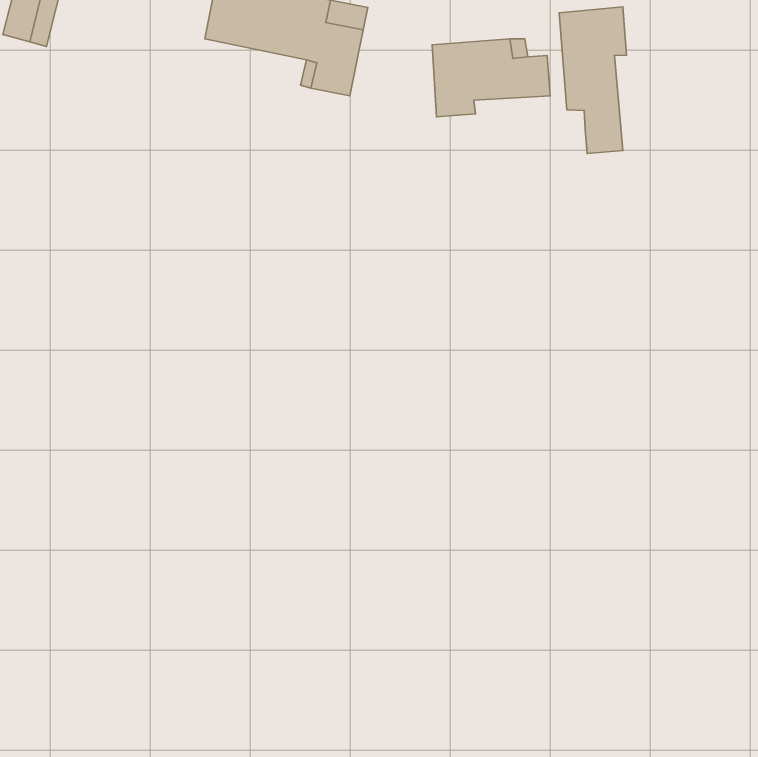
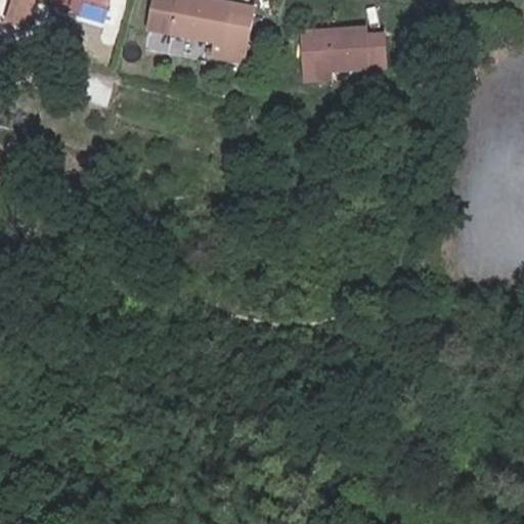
building: [559,7,626,153] -> none

